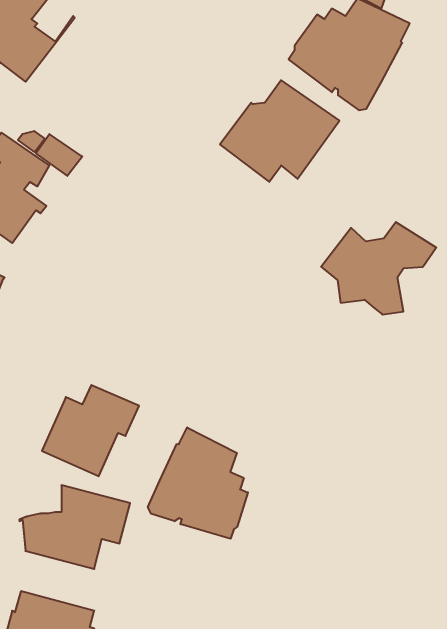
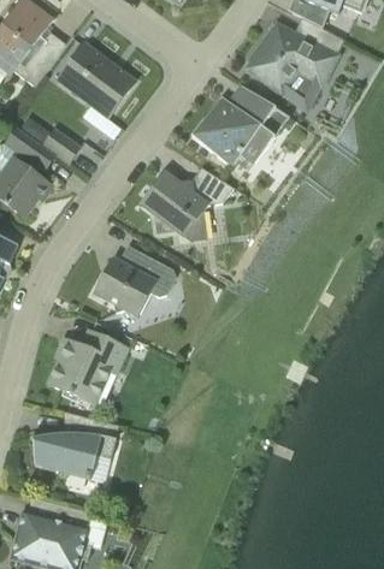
building: none -> [57,42,136,118]
building: [321,222,436,315] -> [141,167,234,242]
building: none -> [96,245,176,316]
building: [148,427,248,539] -> none

